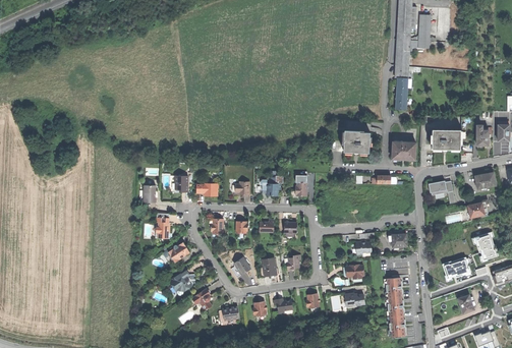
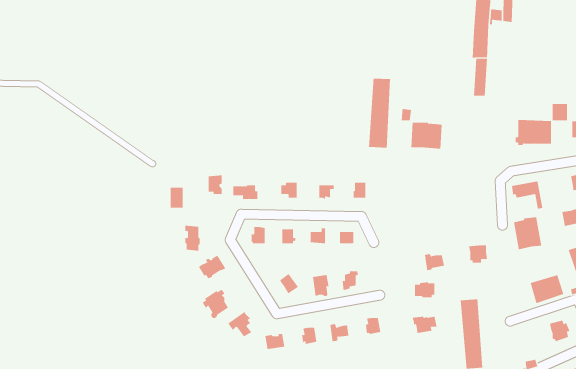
building: none -> [369,78,390,148]
building: [391,141,415,161] -> none
building: none -> [513,217,542,250]

